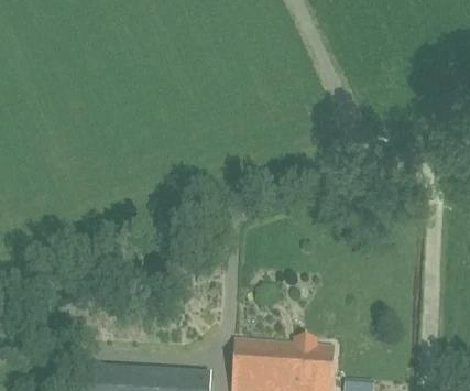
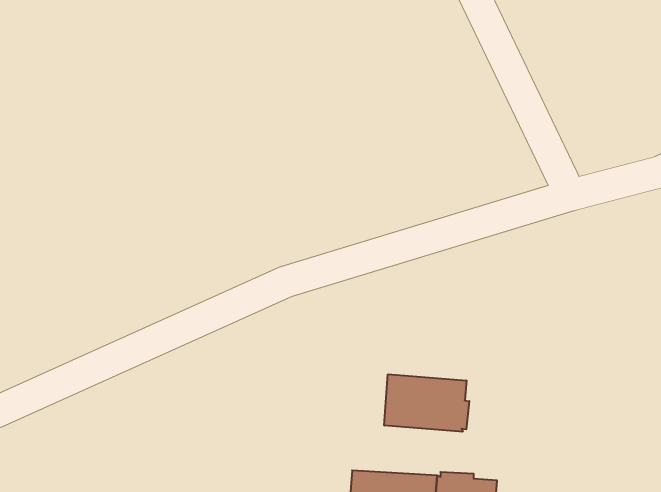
building: none -> [384,374,469,432]

